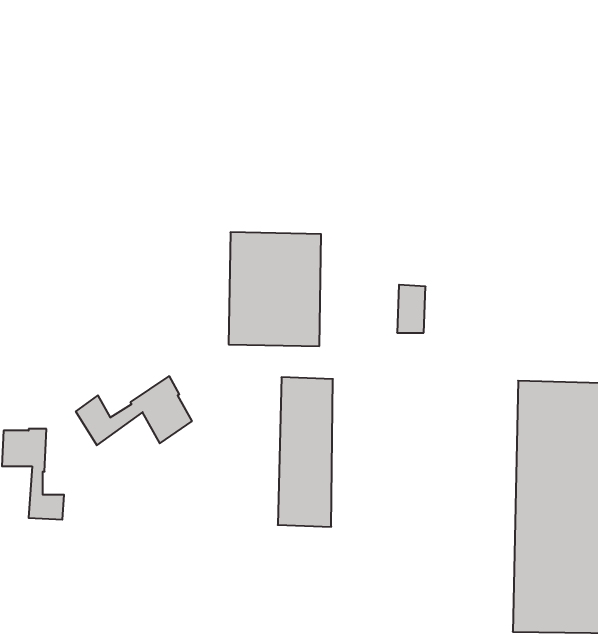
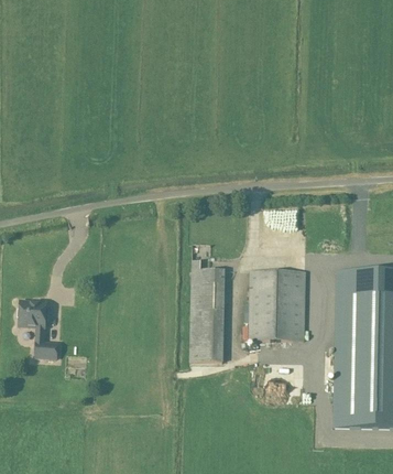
building: [229,232,321,346] -> [249,270,306,341]
building: [76,376,192,445] -> none

